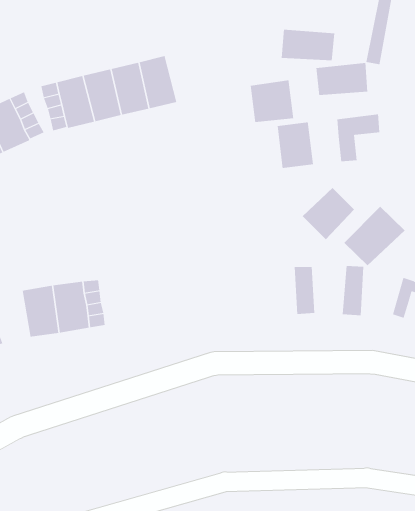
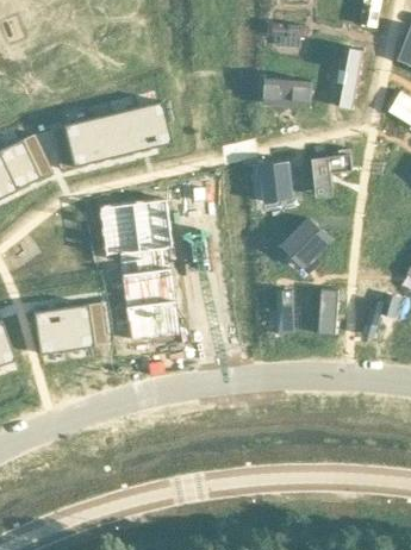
building: [316,62,368,96] -> none
building: [250,79,294,123] -> none
building: none -> [95,198,176,340]
building: [343,206,406,266] -> none

